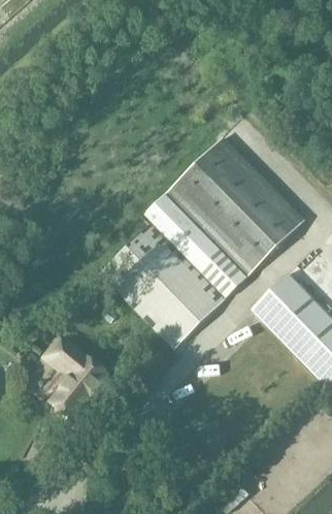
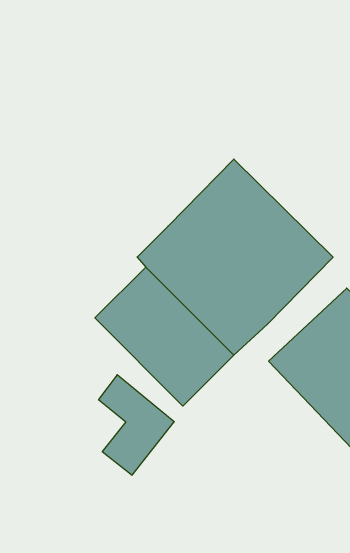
building: [43,334,106,418] -> [99,375,174,475]

